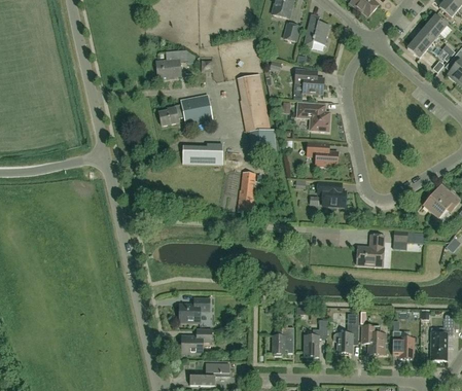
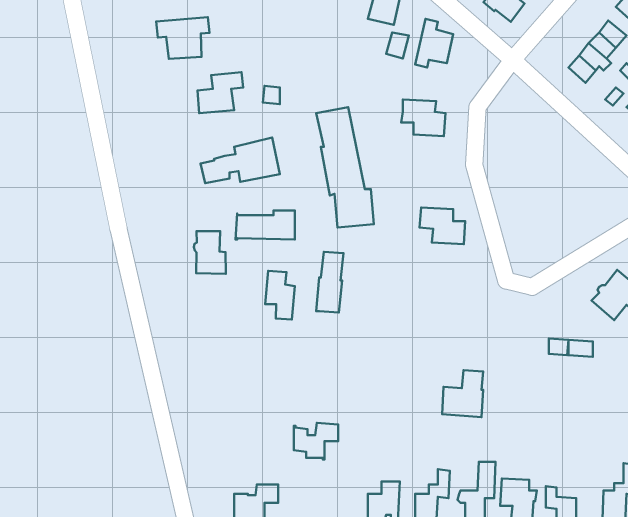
building: none -> [156,17,209,59]
building: [296,102,330,131] -> none
building: none -> [194,231,226,274]
building: [317,182,346,206] -> none
building: none -> [265,271,295,319]
building: [356,235,384,266] -> [442,370,483,417]
building: [179,299,209,324] -> [294,423,338,459]

